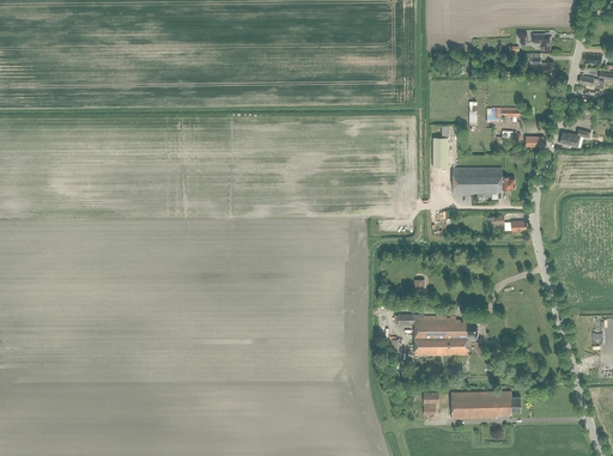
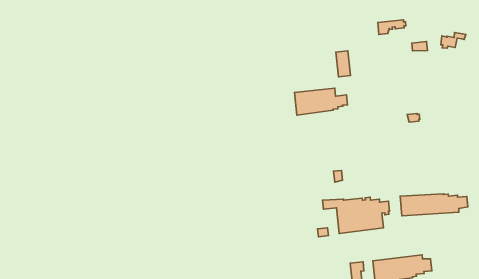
building: [451,168,514,195] -> [294,88,348,115]
building: none -> [400,194,468,216]

